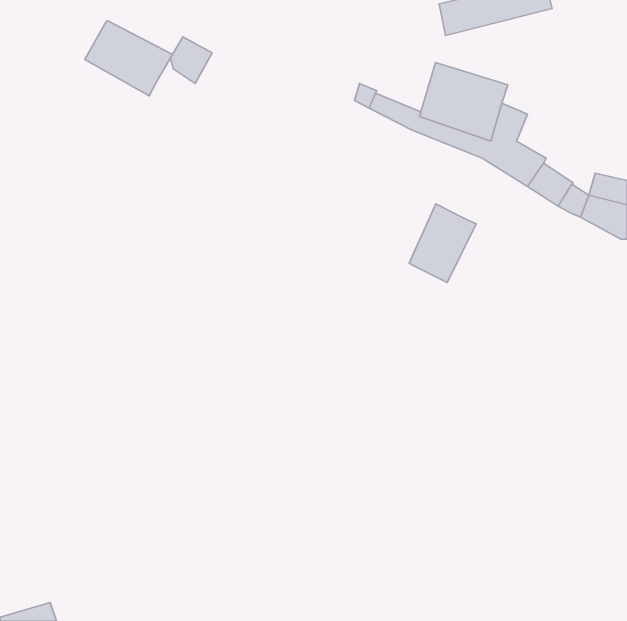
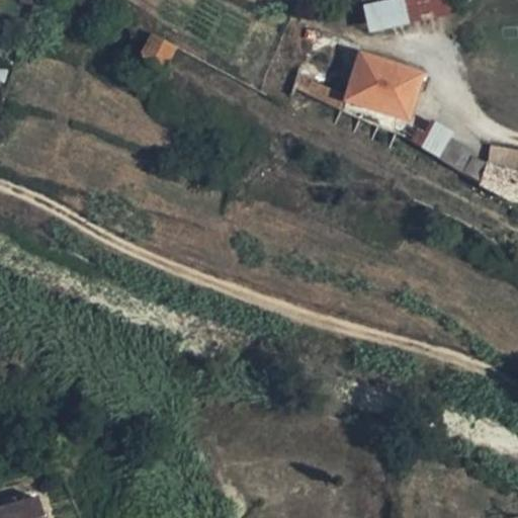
building: [85,21,172,96] -> none
building: [409,204,476,282] -> none

